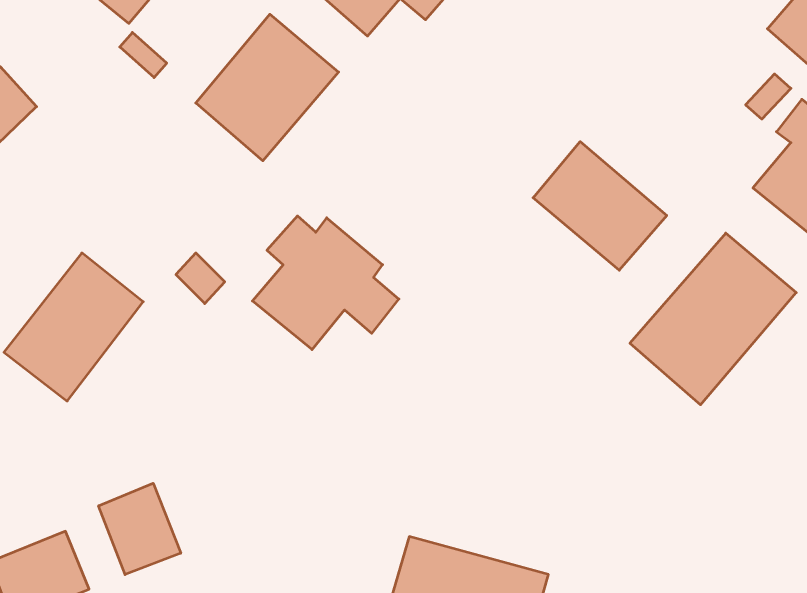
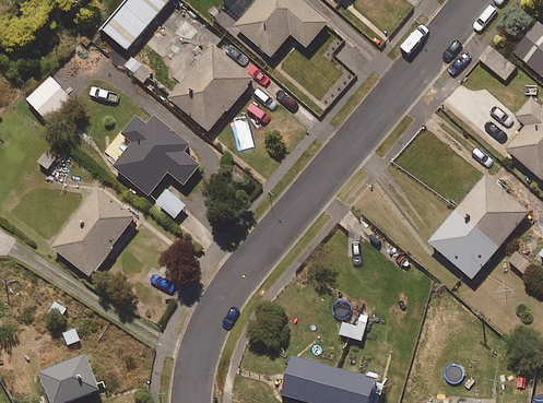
building: [533,142,667,270] -> none
building: [252,216,399,350] -> [110,114,199,194]
building: [99,483,181,575] -> none

